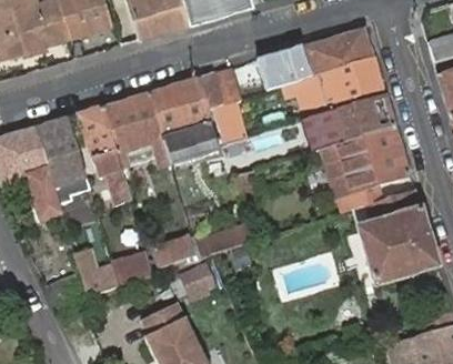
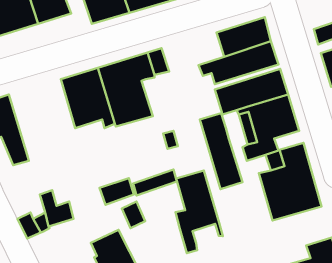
building: [255,47,312,93] -> none
building: [211,101,246,142] -> none
building: [76,107,129,204] -> none
building: [34,117,89,204] -> none
building: none -> [200,113,243,189]
building: none -> [175,171,223,253]
building: [111,252,152,286] -> none

